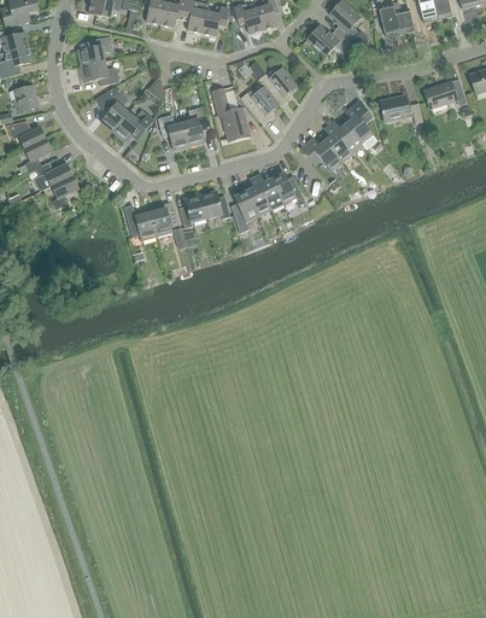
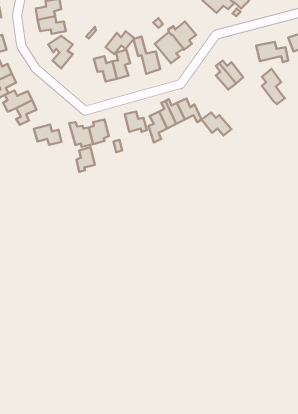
building: [346,100,377,148] -> [262,69,285,104]
building: [113,110,153,141] -> [105,31,134,54]
building: [300,138,341,169] -> [202,112,232,135]
building: [181,194,206,228] -> [76,147,95,172]
building: none -> [34,124,62,145]

